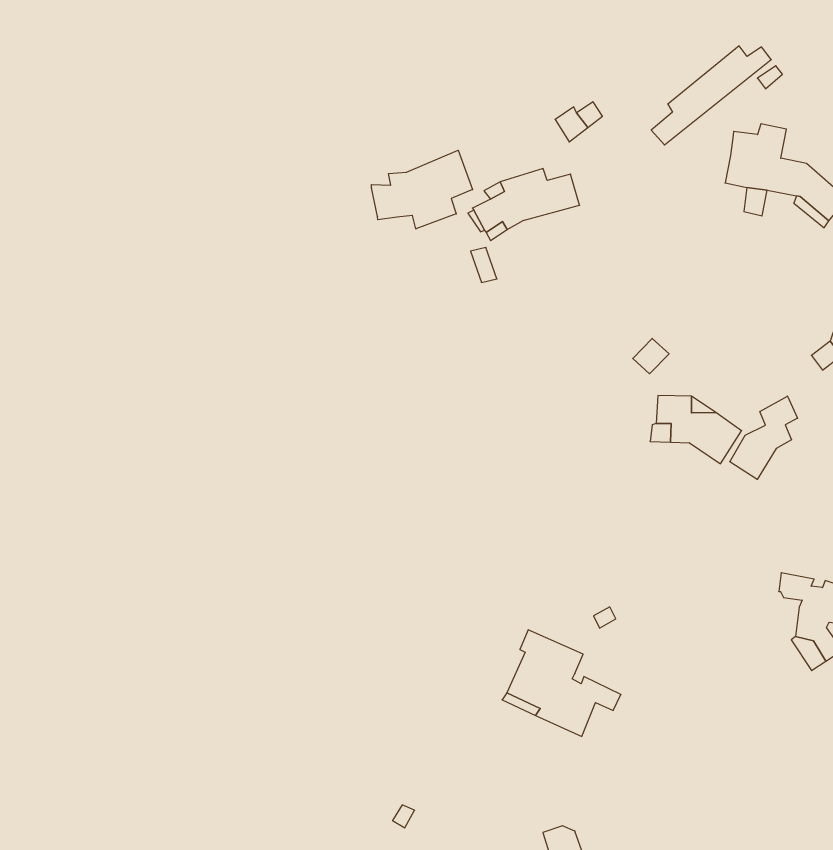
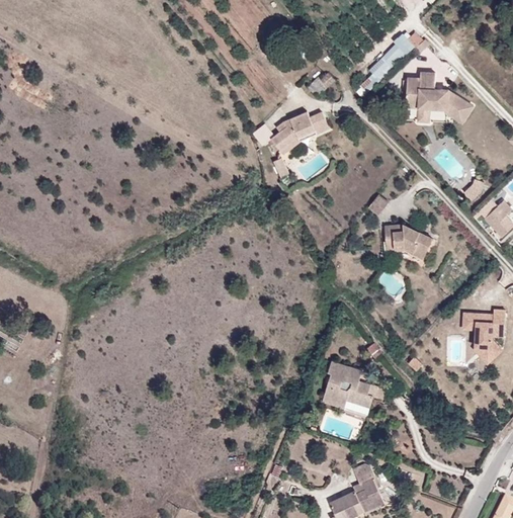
building: [371,150,473,229] -> none
building: [730,396,798,479] -> none

